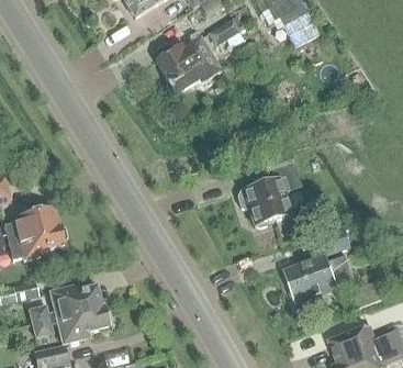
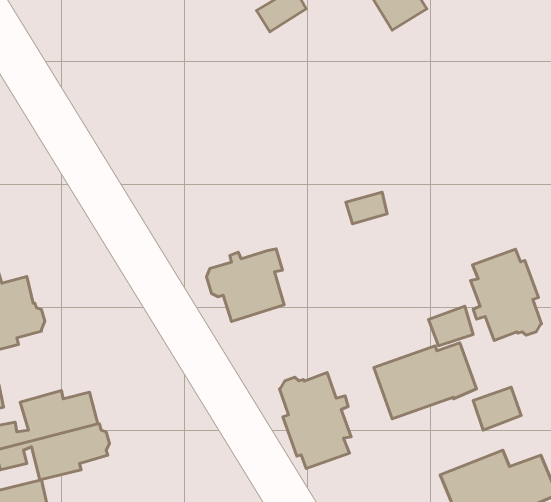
building: [156,36,221,93] -> none
building: [237,177,289,225] -> [207,249,284,322]
building: none -> [471,249,542,341]
building: none -> [279,373,351,468]

